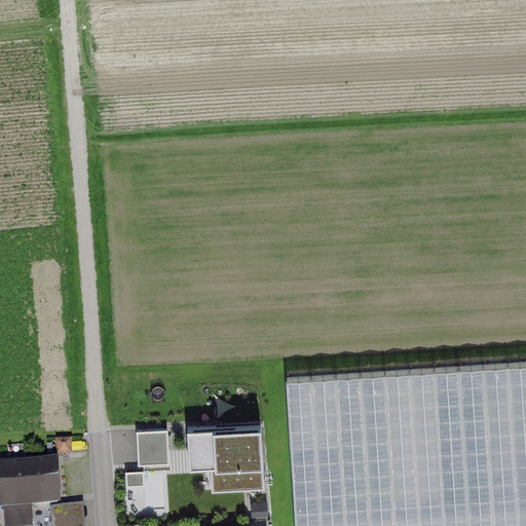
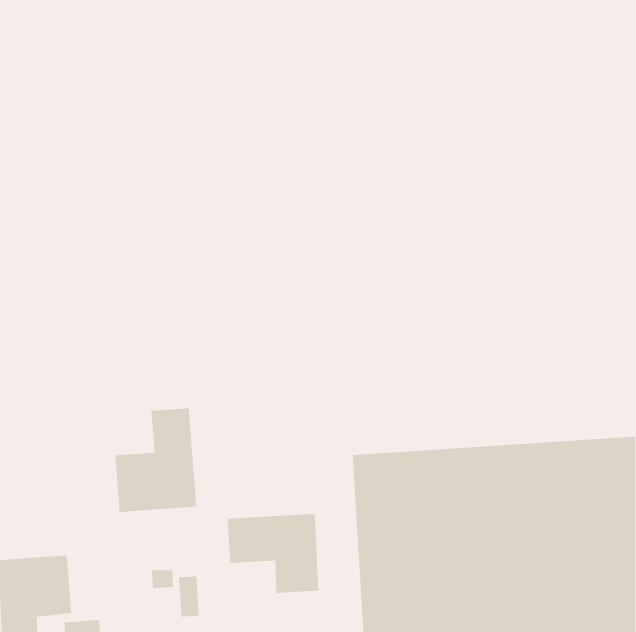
building: none -> [115,407,197,513]
building: [137,436,171,466] -> none

